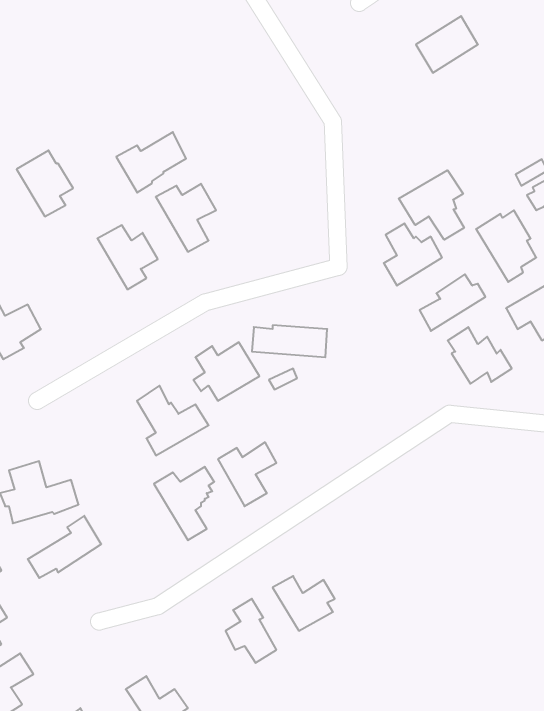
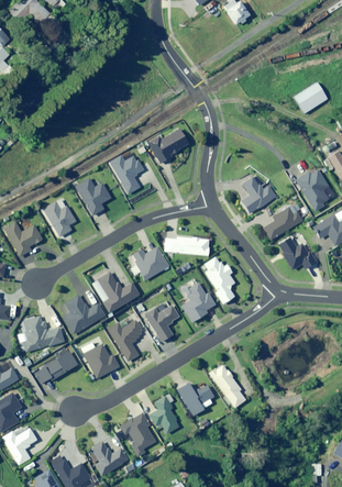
building: [416,16,478,73] -> [287,78,323,111]
building: [116,132,186,193] -> [147,129,188,164]
building: [17,150,73,216] -> [43,198,76,236]
building: [399,170,464,240] -> none
building: none -> [201,256,235,303]
building: none -> [181,283,216,322]
building: none -> [63,295,106,334]
building: none -> [79,340,119,380]
building: none -> [209,364,245,407]
building: none -> [120,412,156,456]

